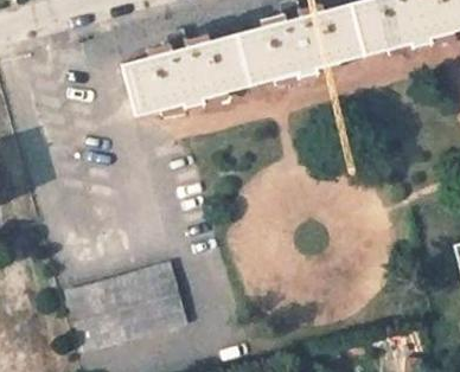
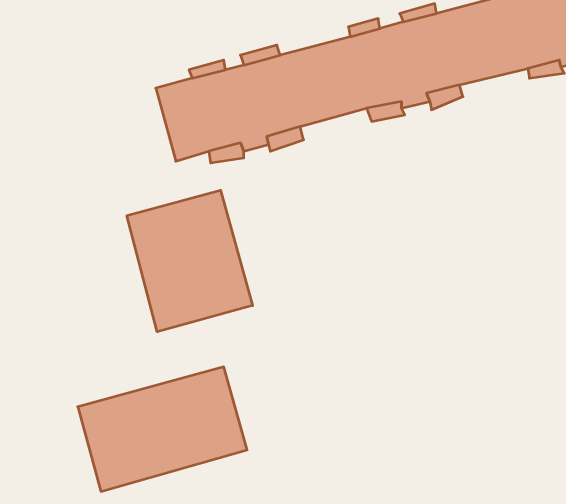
building: none -> [127,190,253,332]

